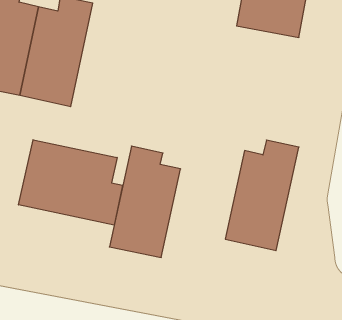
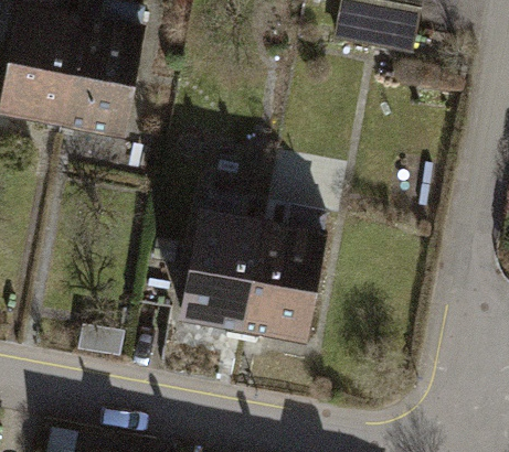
building: [19,140,123,225] -> none
building: [225,140,299,251] -> [238,209,331,348]

